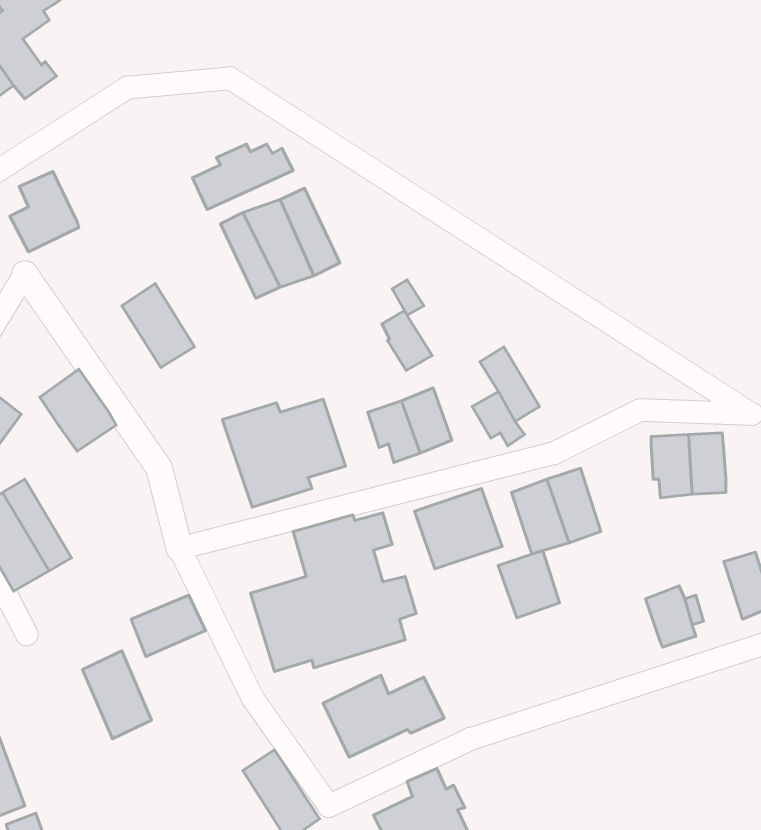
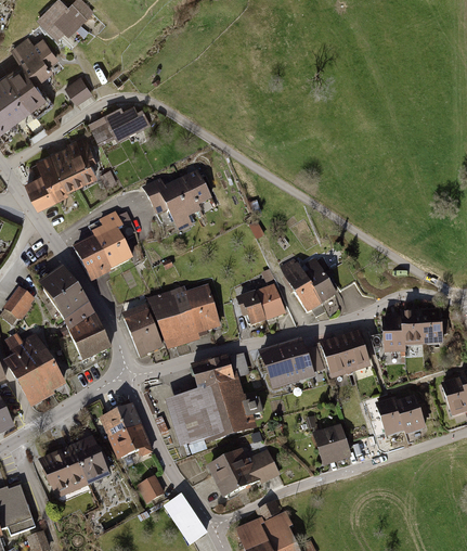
building: none -> [64,77,92,105]
building: none -> [52,136,95,185]
building: [192,144,293,210] -> [90,104,148,142]
building: none -> [72,234,115,283]
building: [382,311,432,371] -> [282,258,311,293]
building: none -> [65,304,111,359]
building: none -> [125,304,166,355]
building: none -> [381,316,405,353]
building: [498,551,560,618] -> [315,426,351,465]
building: none -> [377,399,404,434]
building: none -> [106,423,153,460]
building: none -> [37,446,87,500]
building: none -> [135,474,164,502]

